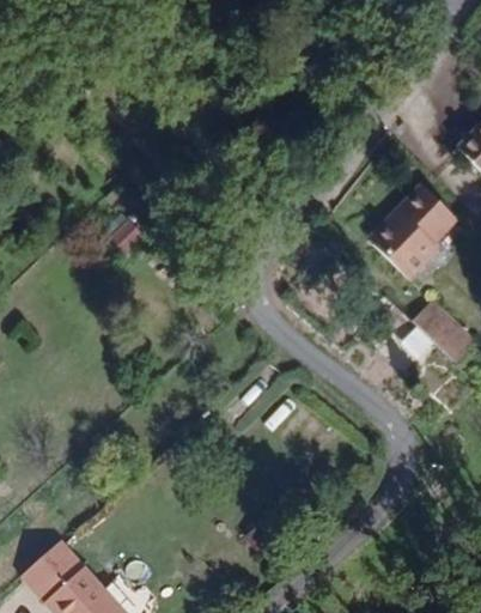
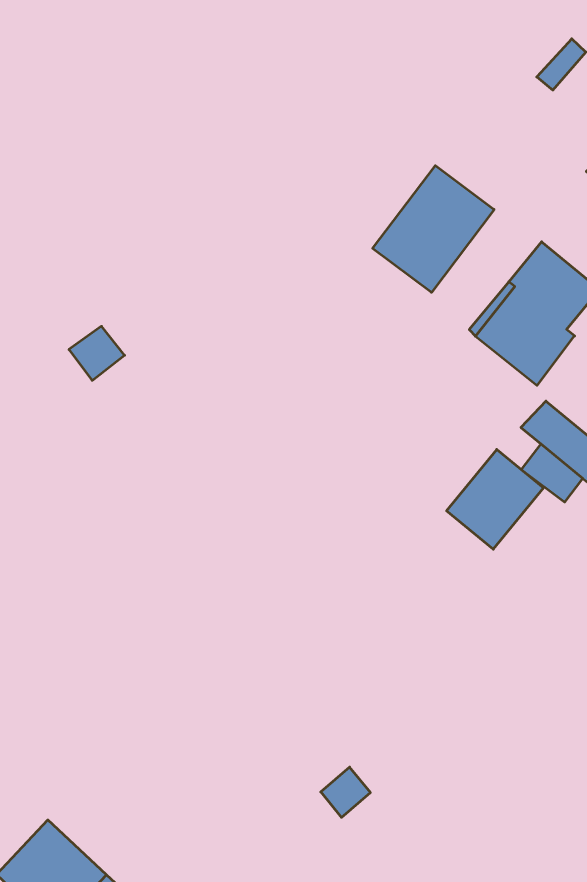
building: none -> [373,166,494,292]
building: none -> [447,449,543,549]

